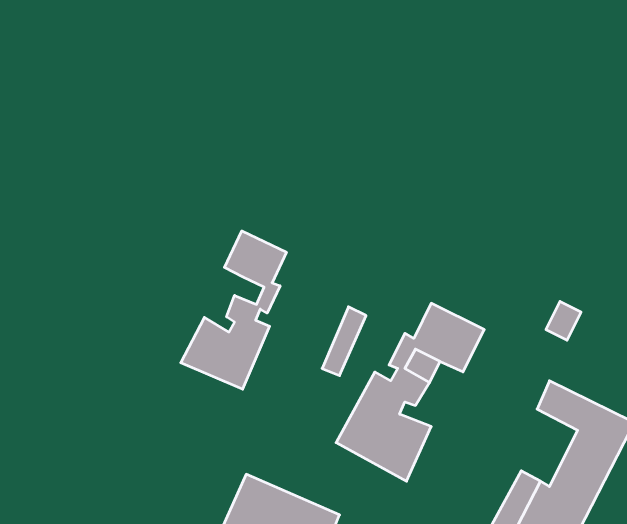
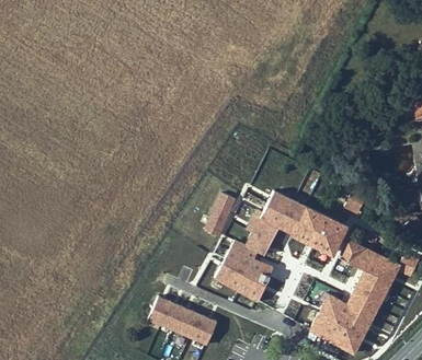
building: [181,231,286,389] -> none
building: none -> [294,207,346,253]

